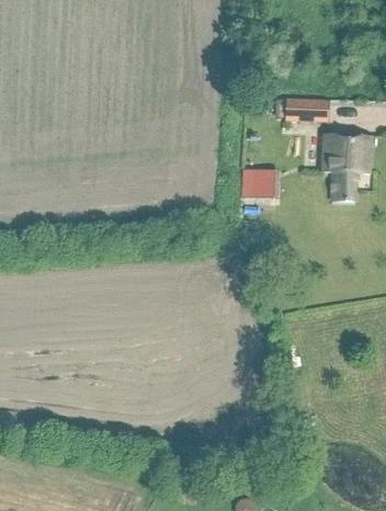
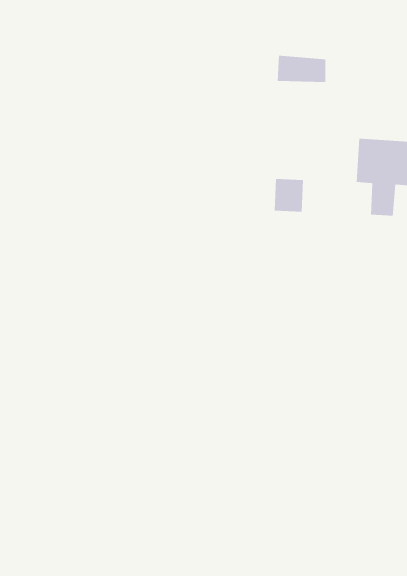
building: [284,98,326,121] -> [277,55,326,82]

